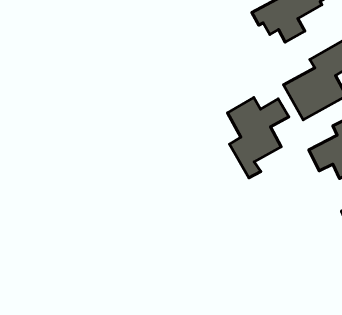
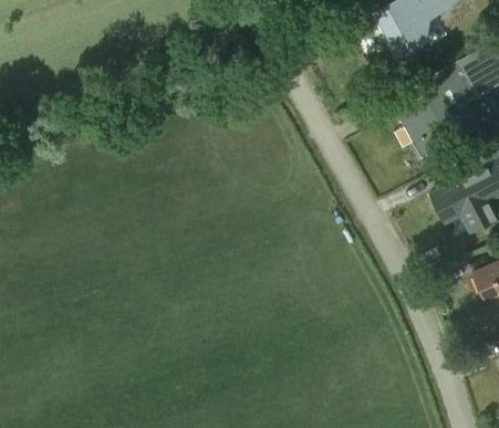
building: [228,97,289,178] -> none

